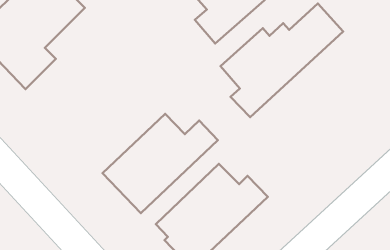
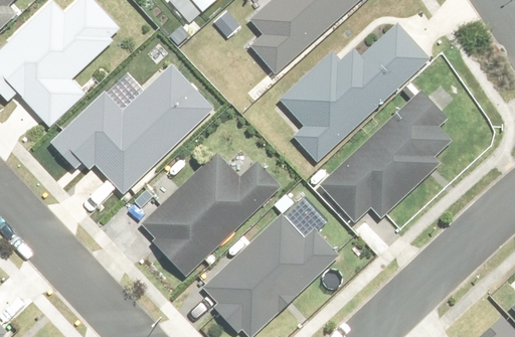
building: none -> [52,64,212,195]
building: none -> [321,93,451,223]

